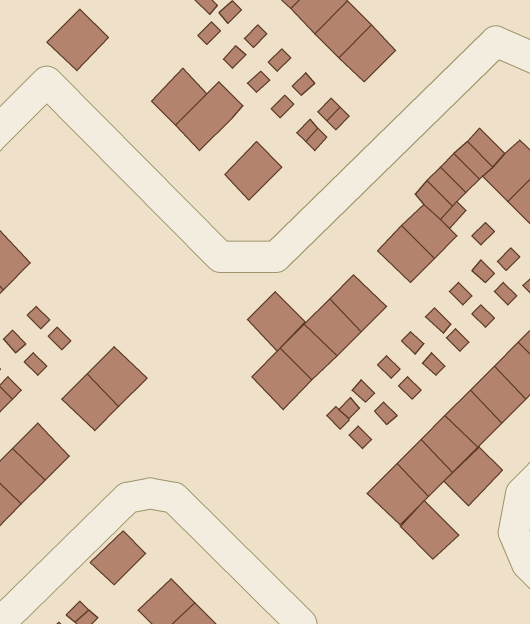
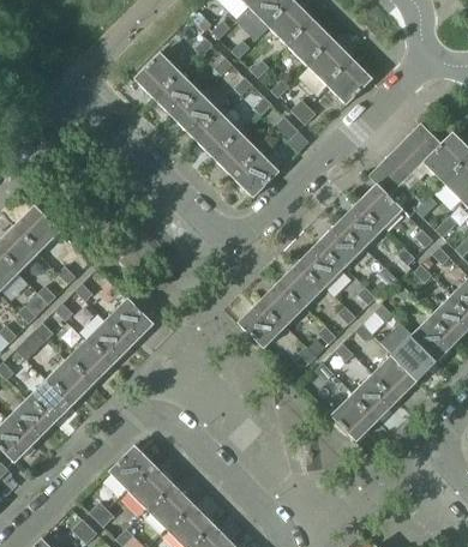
building: [47,9,108,71] -> [133,52,182,101]
building: none -> [328,60,372,104]
building: none -> [196,114,241,160]
building: none -> [235,154,278,197]
building: none -> [319,221,365,265]
building: [247,292,305,351] -> none
building: none -> [66,339,112,385]
building: [444,447,502,506] -> none
building: [400,501,459,559] -> none
building: none -> [127,463,173,509]

